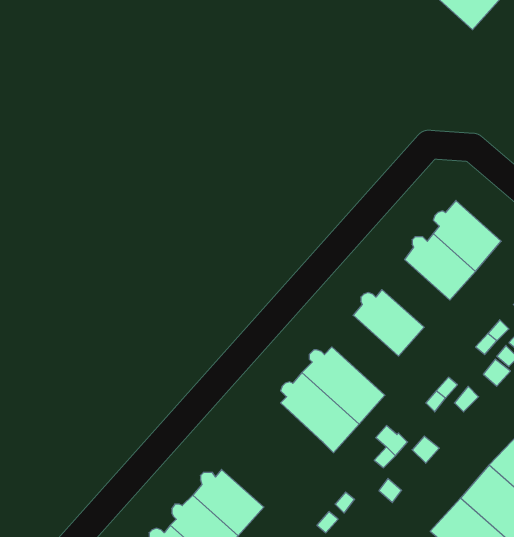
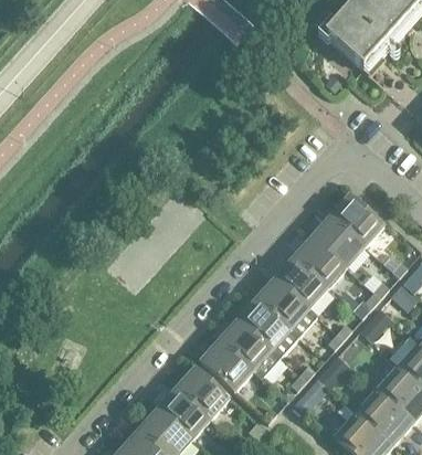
building: none -> [296,236,346,286]
building: none -> [260,277,317,336]
building: none -> [200,341,253,391]
building: none -> [179,366,229,417]

